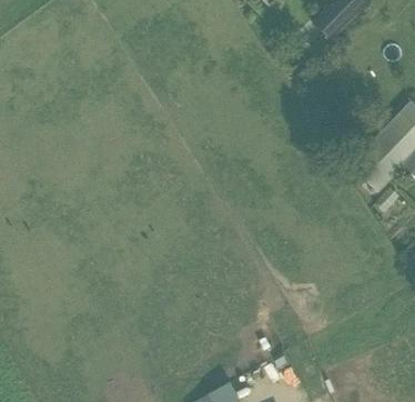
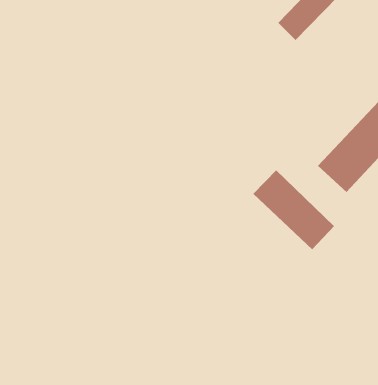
building: none -> [253,170,335,250]

